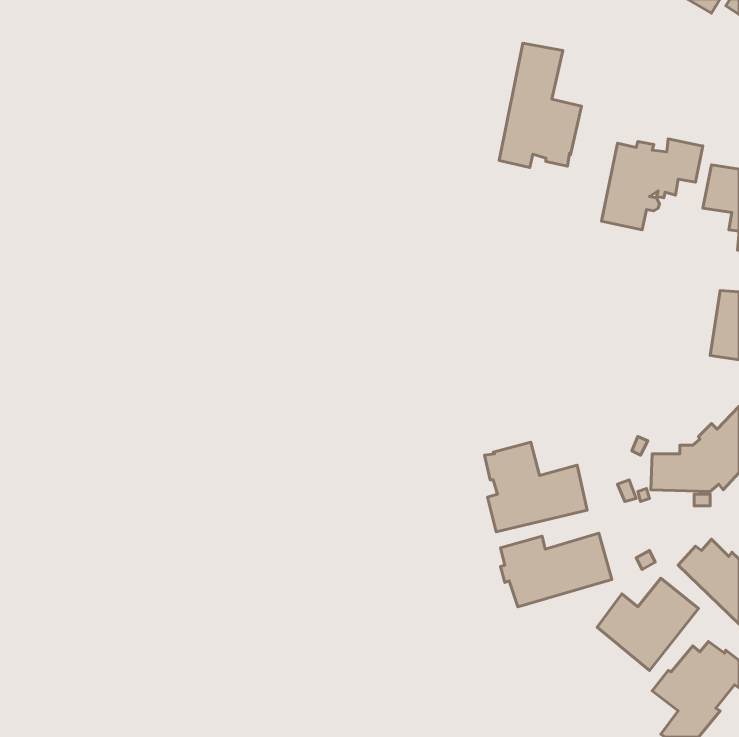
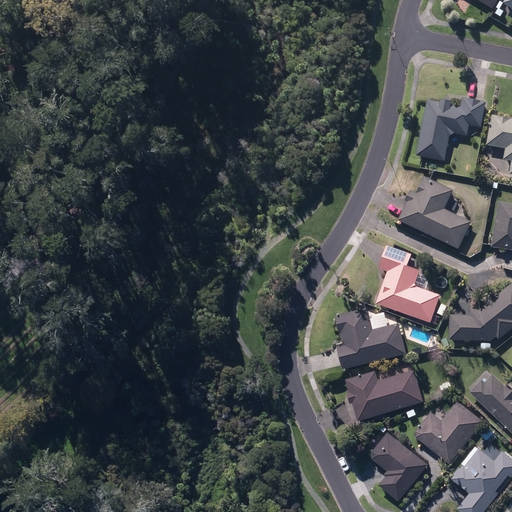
building: [499,43,582,167] -> none
building: none -> [398,176,471,248]
building: none -> [376,244,440,322]
building: none -> [372,432,428,500]

